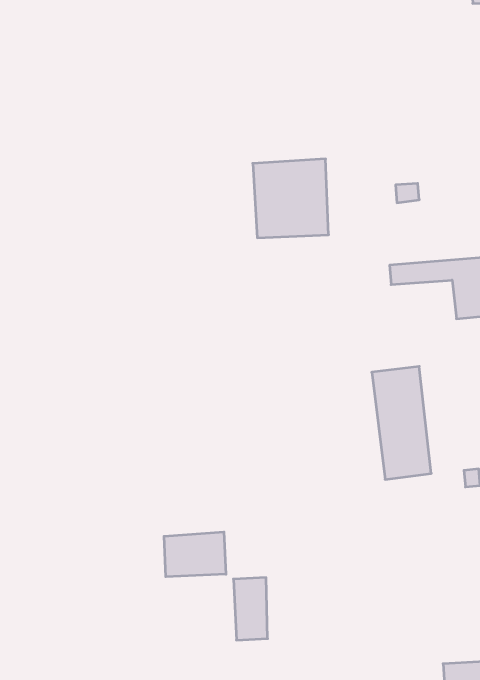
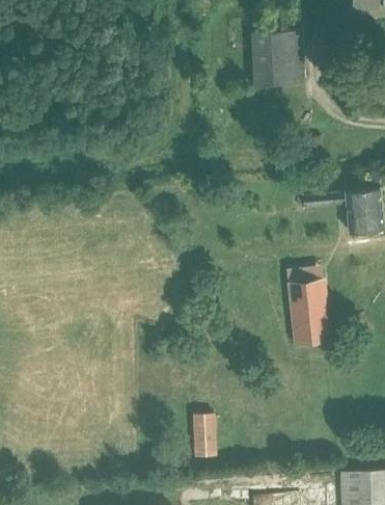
building: [253,159,329,238] -> [251,30,304,85]
building: [164,532,226,577] -> none

